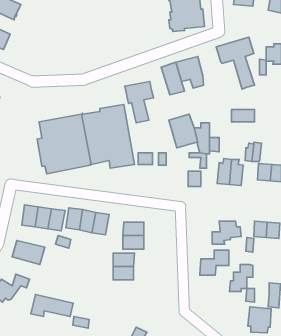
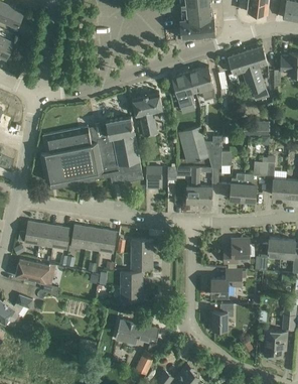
building: none -> [185,167,199,203]
building: [230,265,253,292] -> [208,303,233,332]
building: [31,294,73,317] -> [114,319,158,343]

